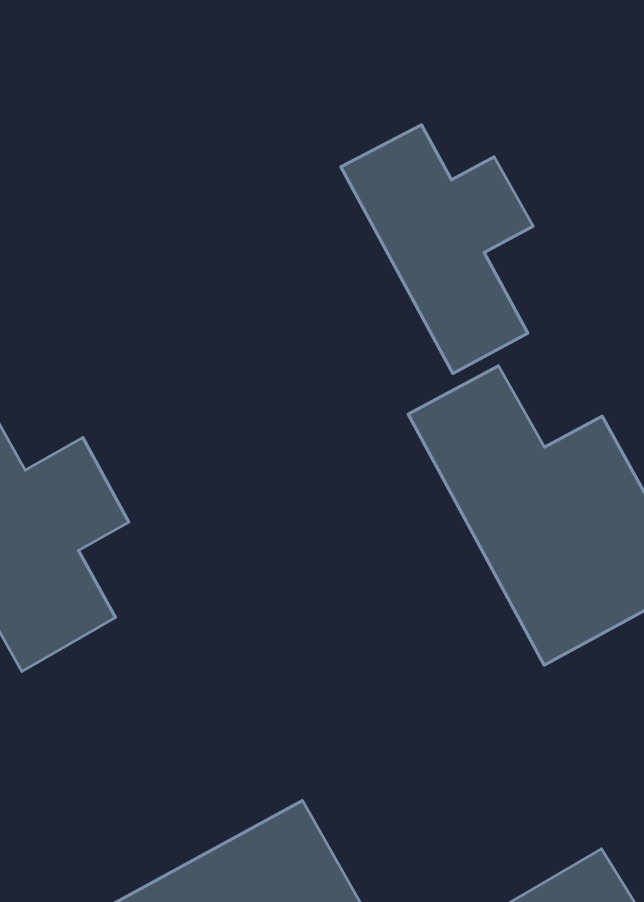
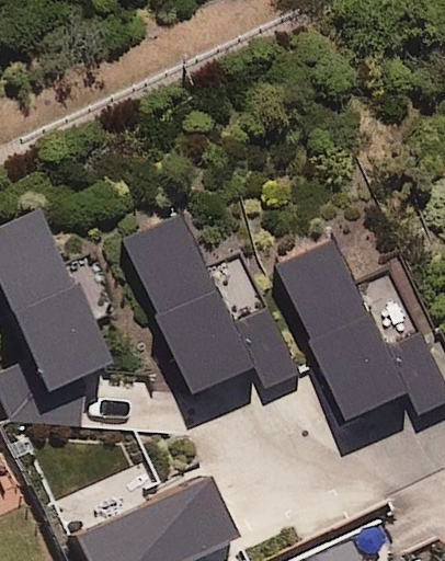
building: [341,125,533,374] -> none
building: none -> [125,217,295,391]

